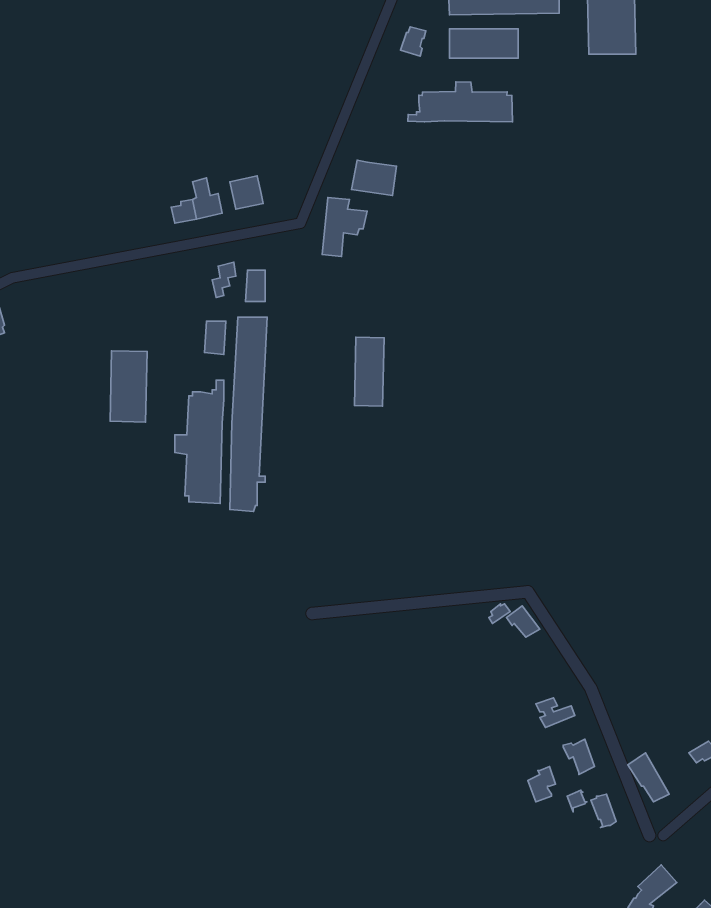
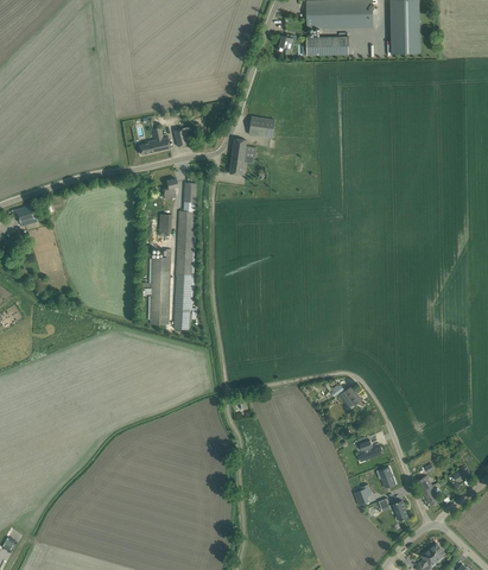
building: [408,82,513,122] -> none
building: [354,337,384,406] -> none
building: [110,351,147,422] -> none

